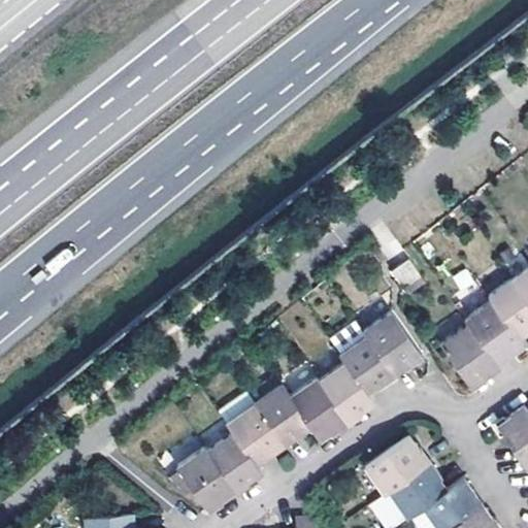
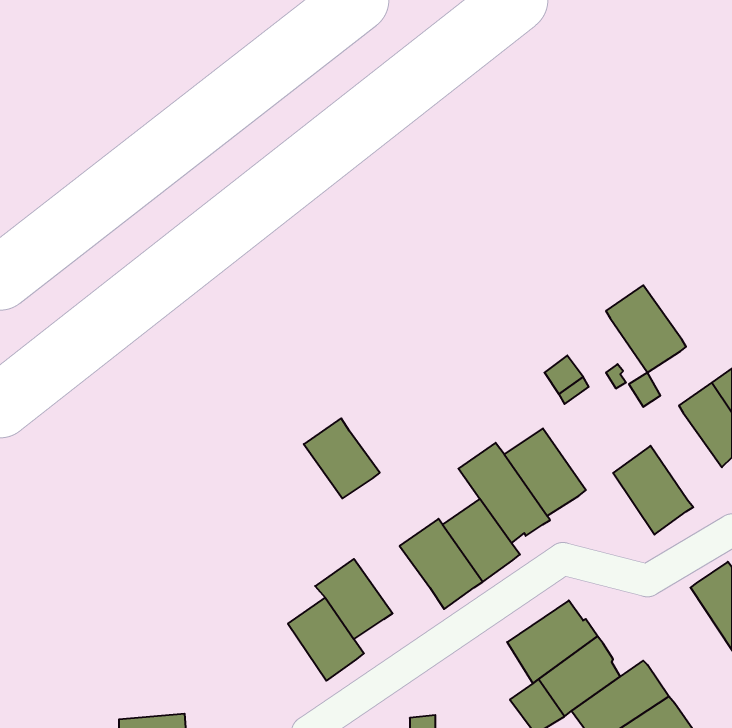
building: [465,300,523,363] -> [606,285,686,373]
building: [255,387,309,444] -> [304,418,380,498]
building: [177,449,235,513] -> none

